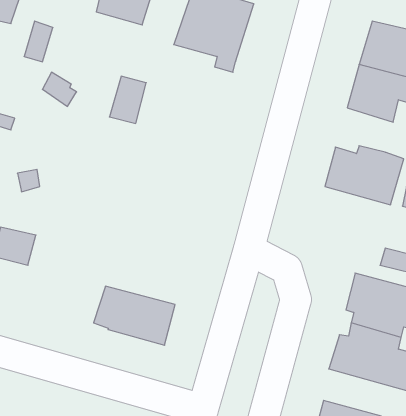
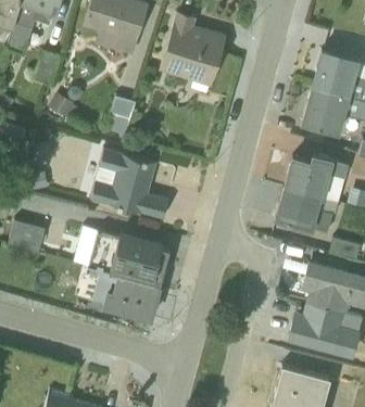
building: none -> [91,148,169,219]
building: none -> [276,188,339,232]
building: none -> [75,227,171,285]

